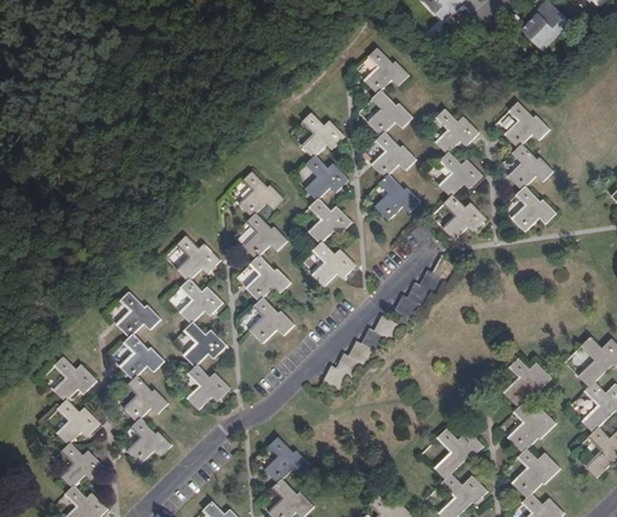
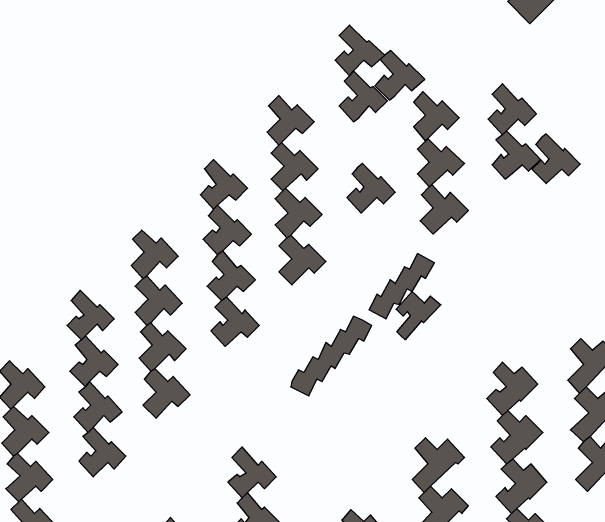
building: [370,133,416,178] -> [375,50,425,100]
building: [511,186,556,231] -> [532,134,580,184]
building: none -> [396,291,441,340]

